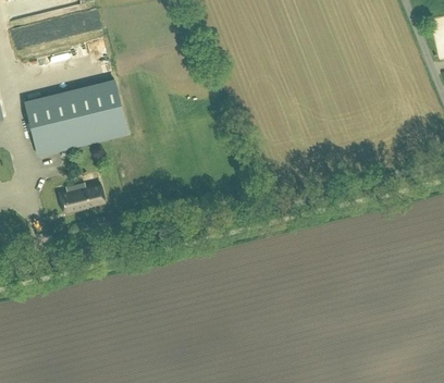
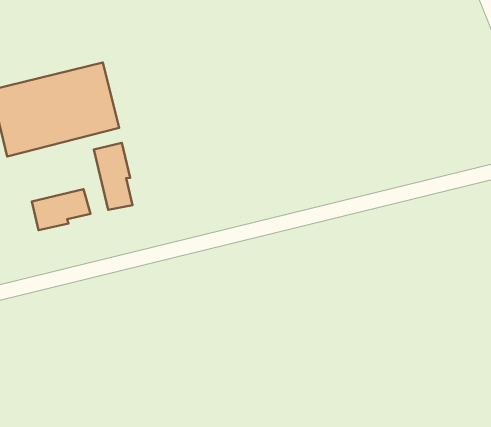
building: none -> [94,143,132,210]

